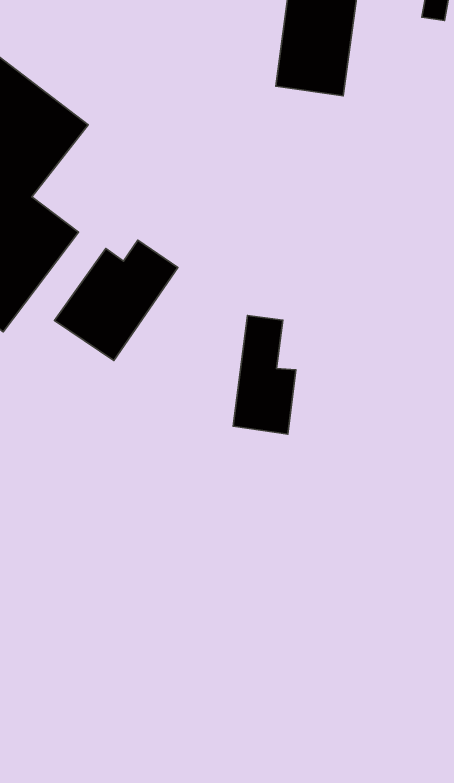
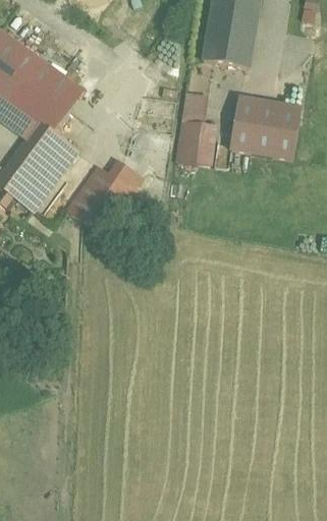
building: none -> [229,96,303,161]
building: [233,315,296,434] -> [177,91,217,166]

